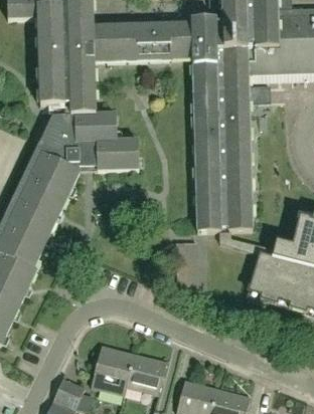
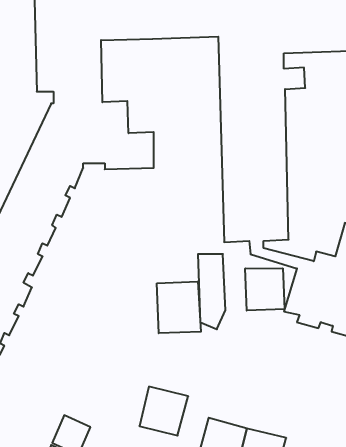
building: none -> [245,268,284,311]
building: none -> [157,281,201,333]
building: [91,346,134,396] -> none

